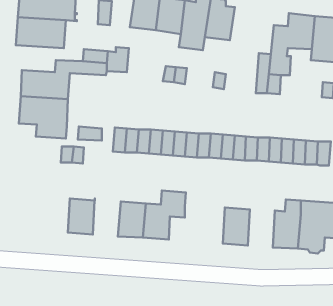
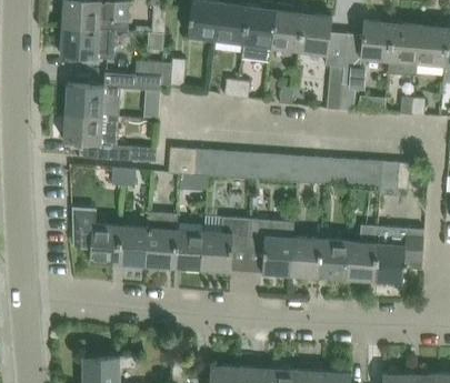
building: none -> [298,14,332,56]
building: none -> [146,213,177,269]
building: none -> [71,218,120,264]
building: none -> [248,220,293,276]
building: none -> [318,239,348,281]

